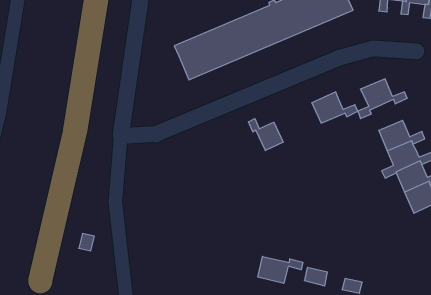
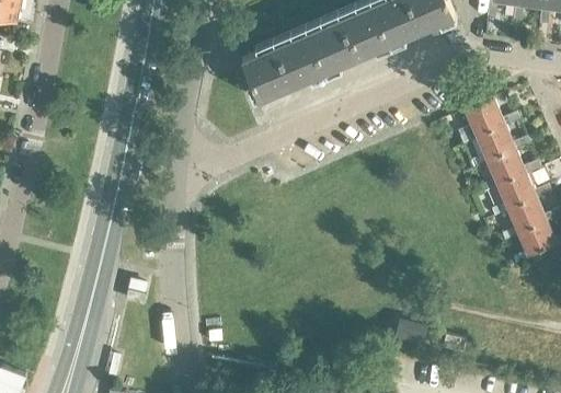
building: [312,92,358,123] -> [476,123,530,160]
building: [249,119,283,151] -> none
building: [258,256,303,283] -> none

